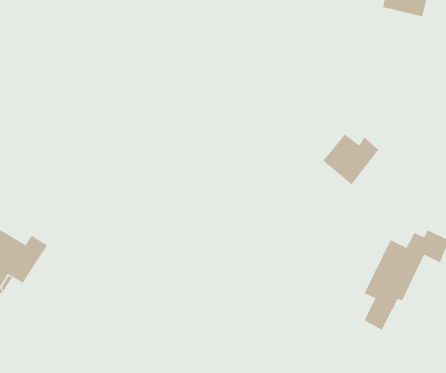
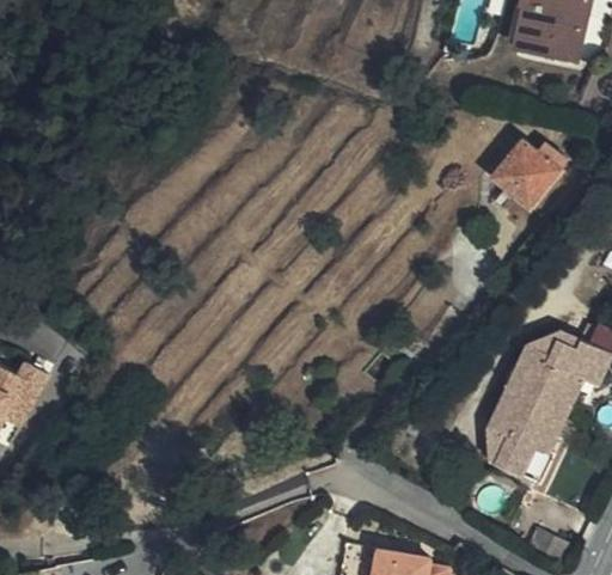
building: [323,134,379,185] -> [486,139,563,208]

